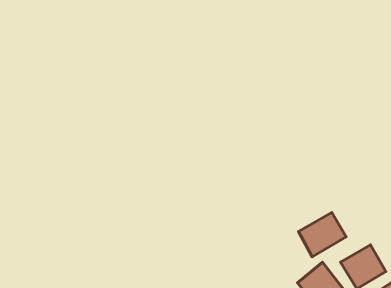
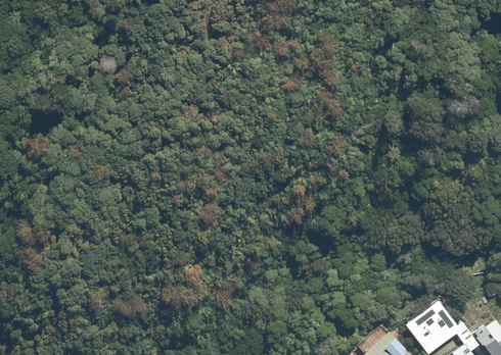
building: [298,212,346,257] -> none

